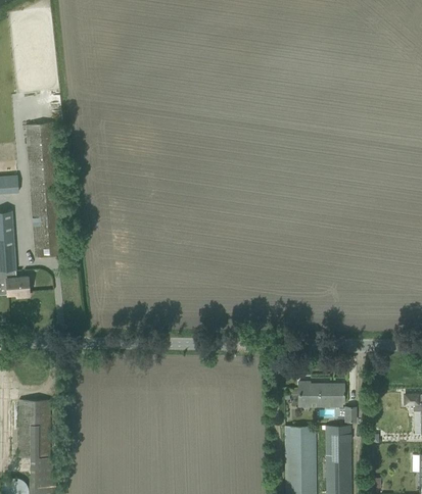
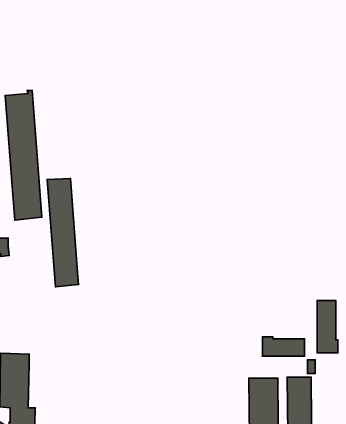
building: none -> [47,178,79,287]
building: none -> [317,301,338,353]

